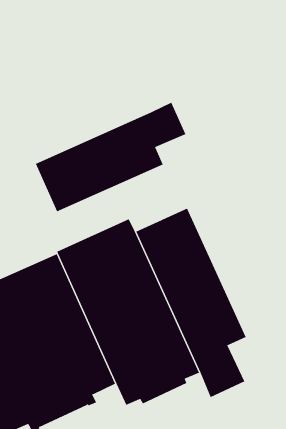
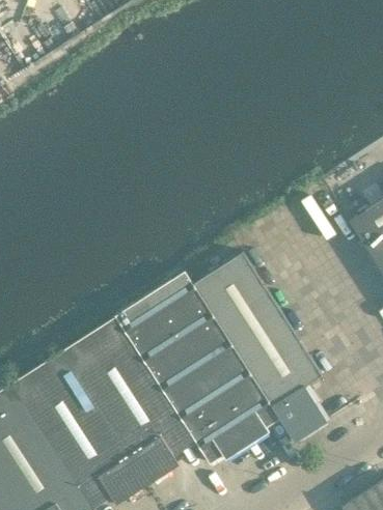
building: [35,102,186,212] -> none

